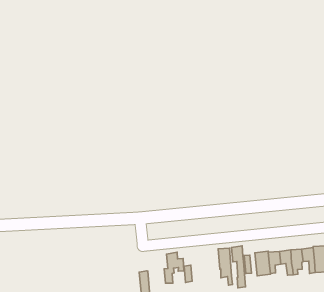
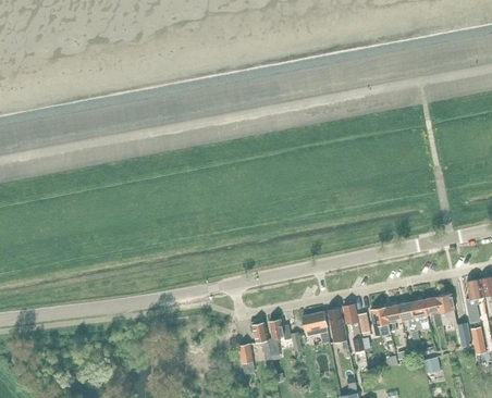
building: none -> [303,311,330,345]
building: none -> [249,321,272,360]

